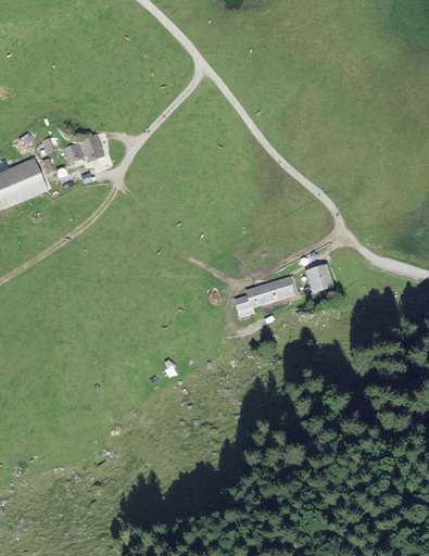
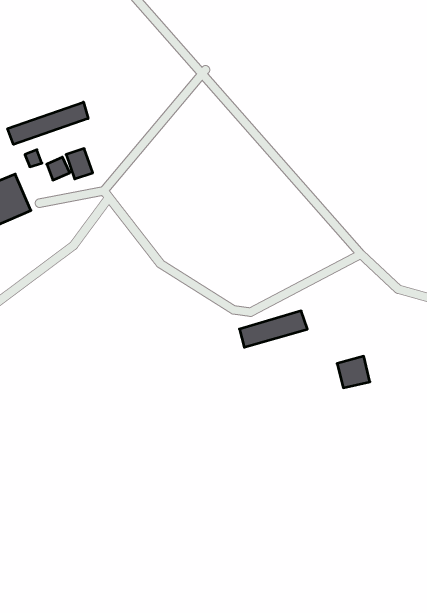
building: none -> [8,102,88,144]
building: [305,265,335,293] -> [337,356,370,388]

